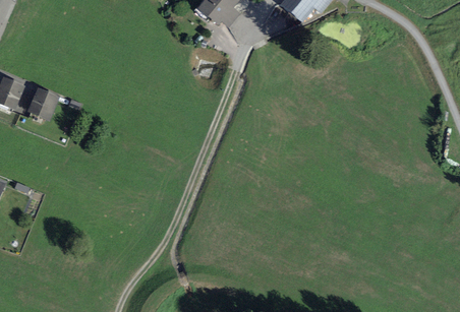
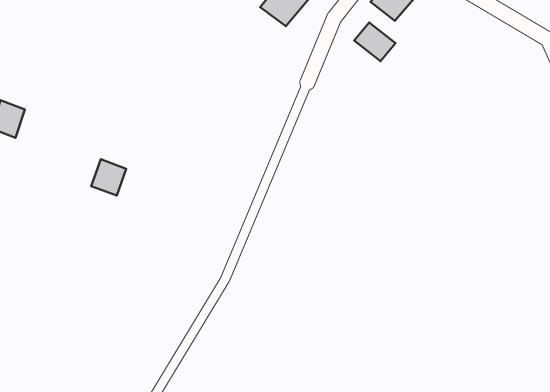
building: none -> [354,23,396,61]
building: [30,89,56,117] -> [91,159,126,196]

